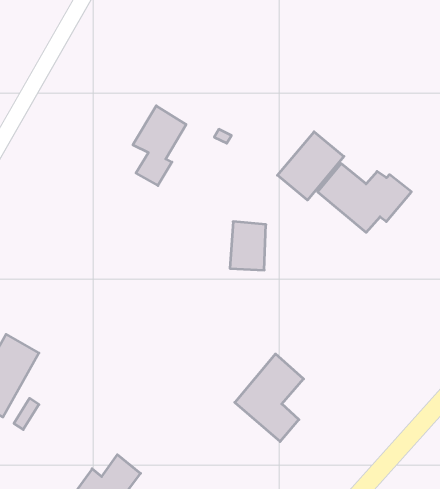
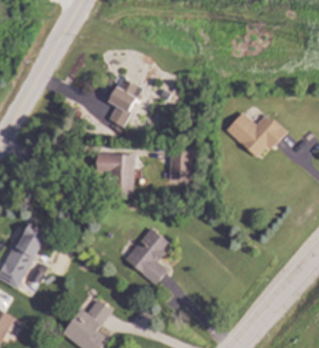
building: [277,132,344,200] -> none
building: none -> [96,153,134,198]
building: [235,354,304,442] -> [126,228,170,284]

